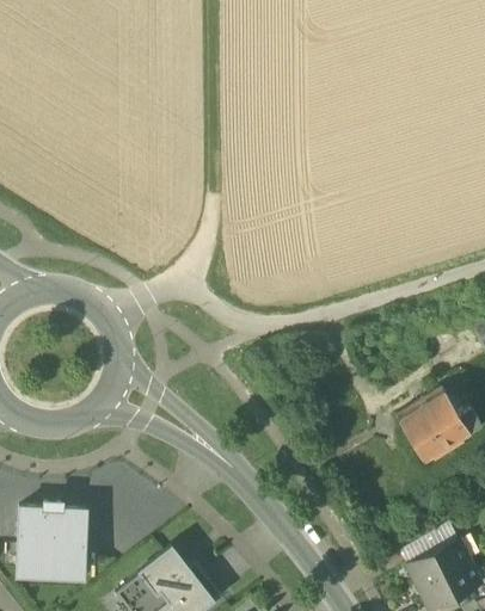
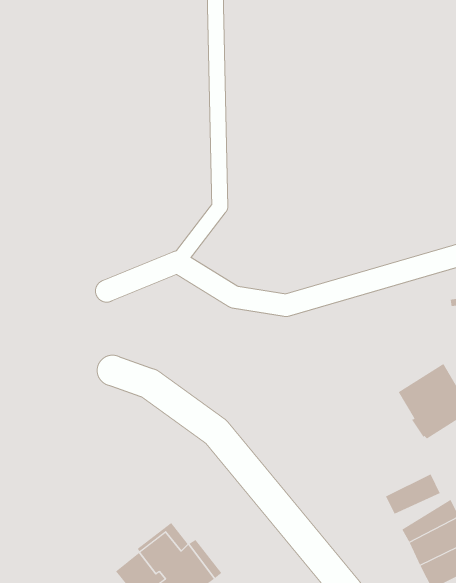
building: none -> [385,474,440,515]
building: [17,508,87,578] -> none

